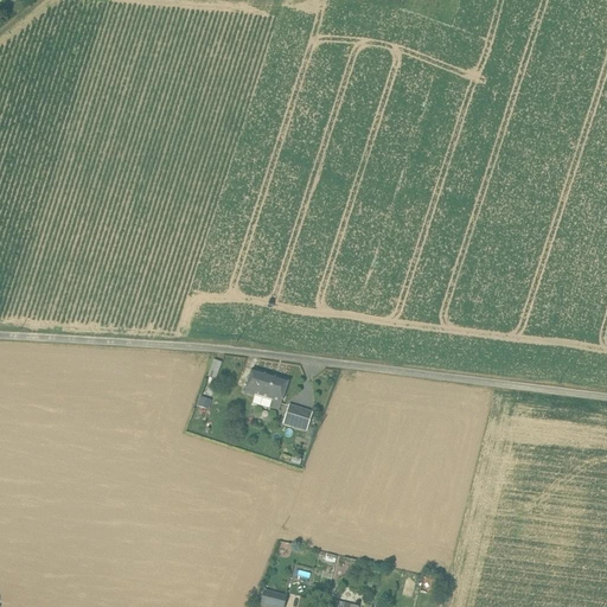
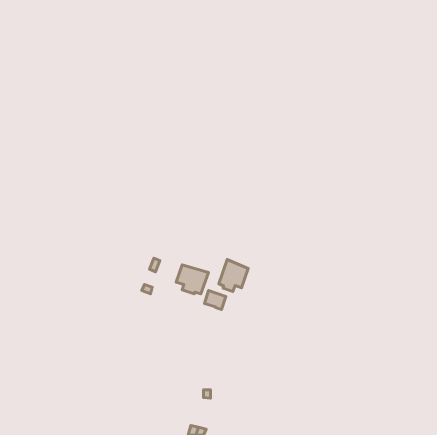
building: none -> [219,259,248,291]

